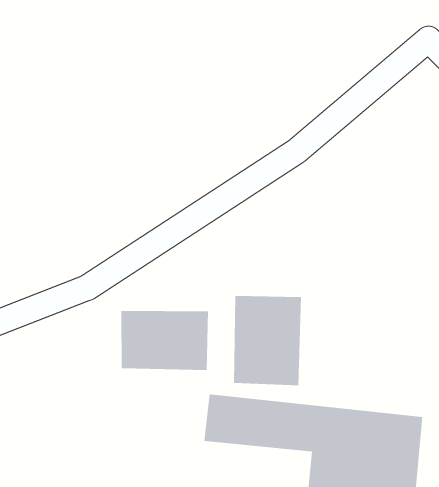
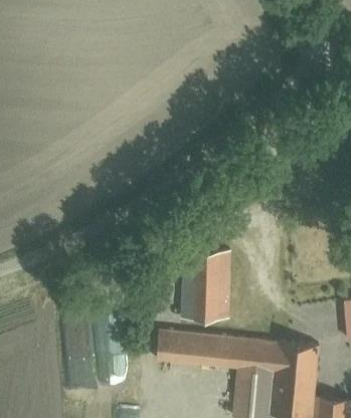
building: [121,310,208,371] -> none

